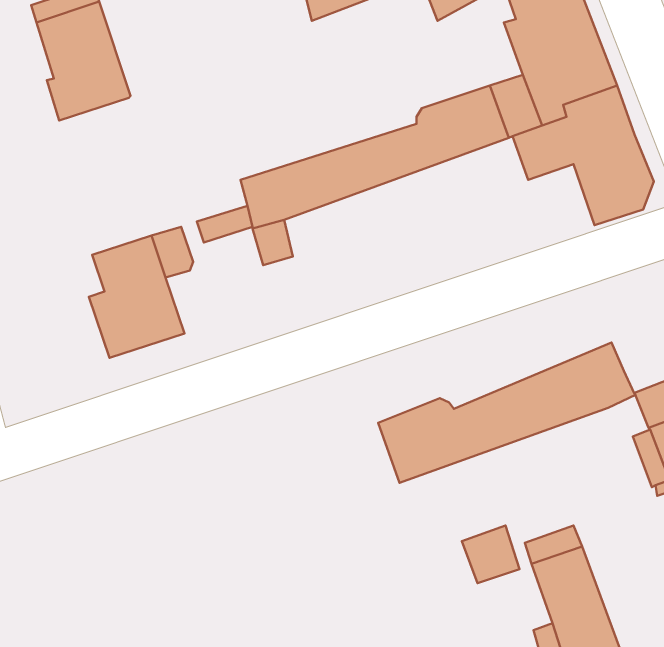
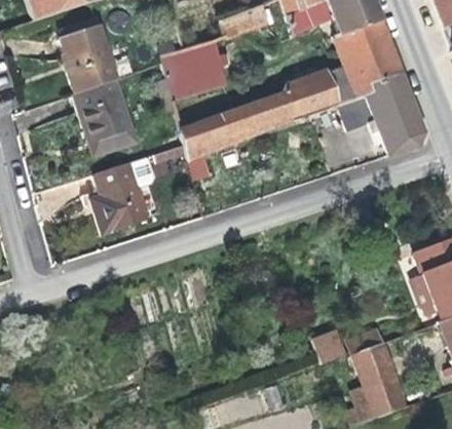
building: none -> [161,37,228,98]
building: none -> [74,79,137,154]
building: [378,342,635,483] -> none

